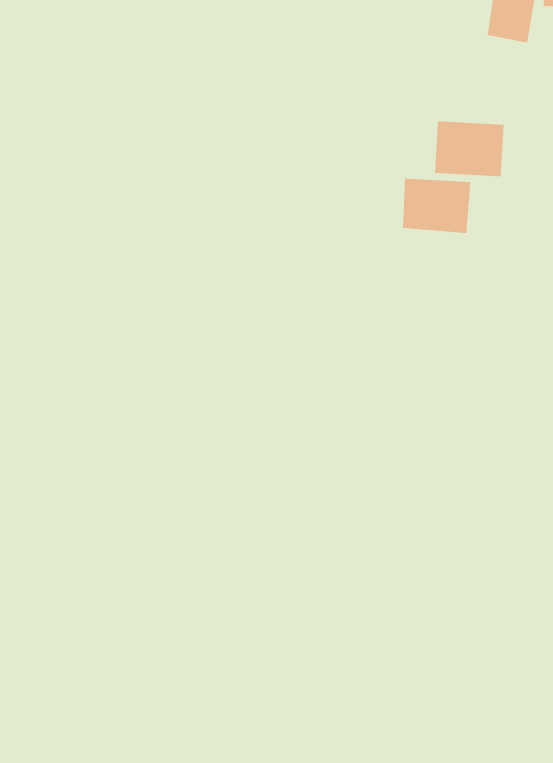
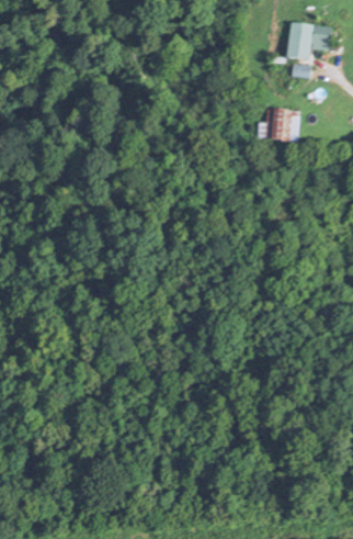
building: [403,178,471,234] -> none

